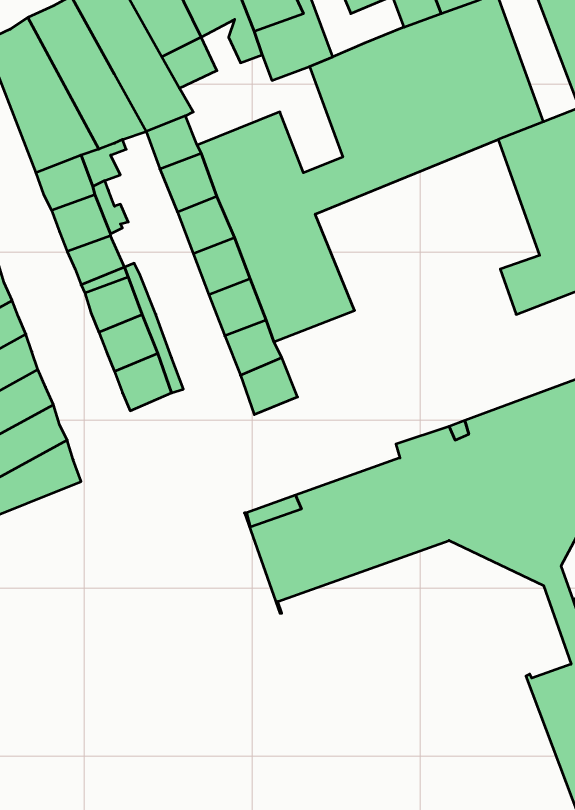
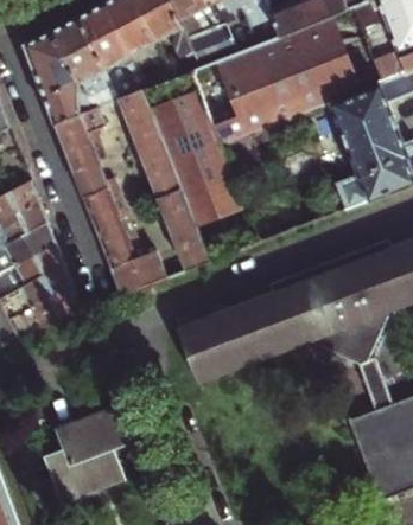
building: none -> [109,249,165,294]
building: none -> [49,406,142,502]

